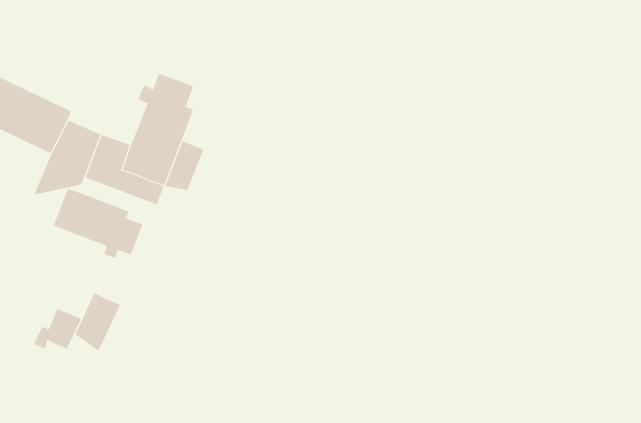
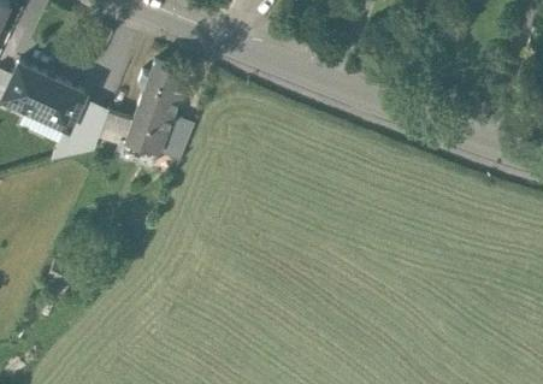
building: [53,188,143,259] -> none
building: [74,293,121,351] -> none

